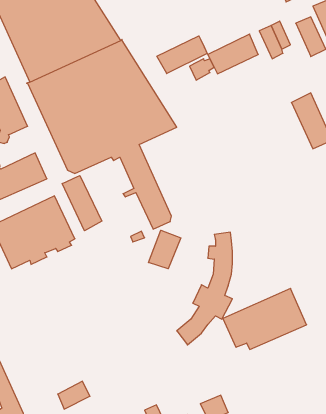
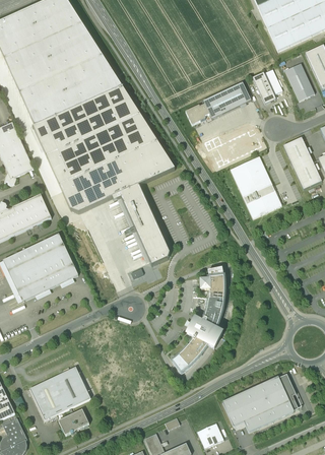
building: [157,36,207,74] -> none
building: none -> [230,155,280,216]
building: [62,176,102,231] -> none
building: [149,230,181,269] -> none
building: [223,288,307,349] -> [221,373,301,431]
building: none -> [30,366,92,420]

